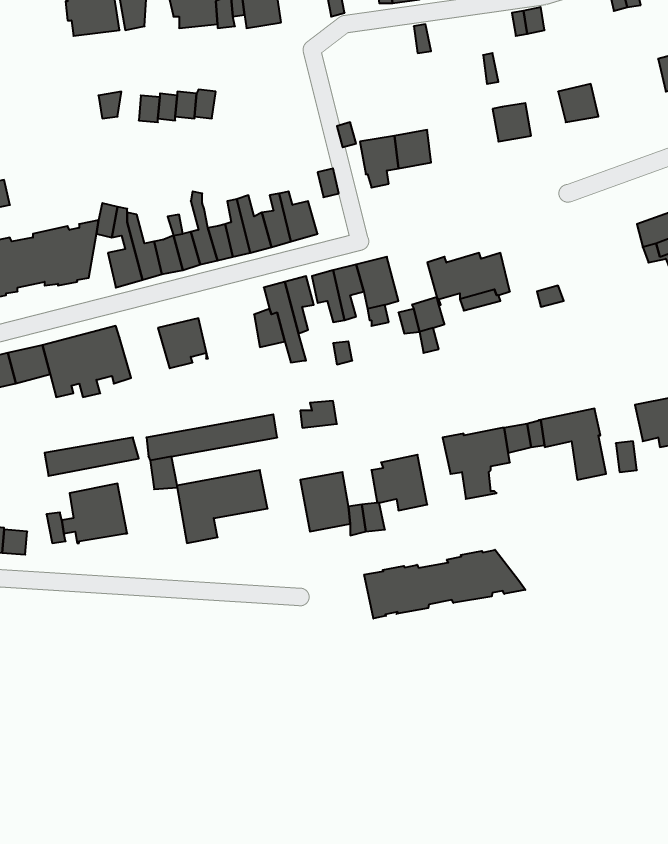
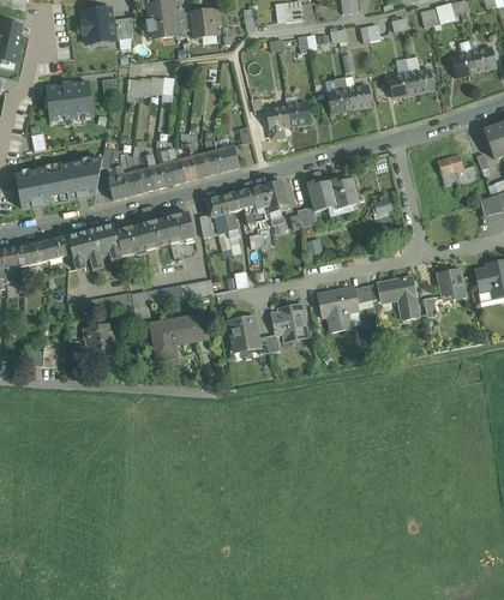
building: none -> [407,55,434,92]
building: none -> [328,76,352,112]
building: none -> [46,80,92,119]
building: none -> [164,211,196,244]
building: none -> [115,224,146,256]
building: [364,550,525,619] -> none

